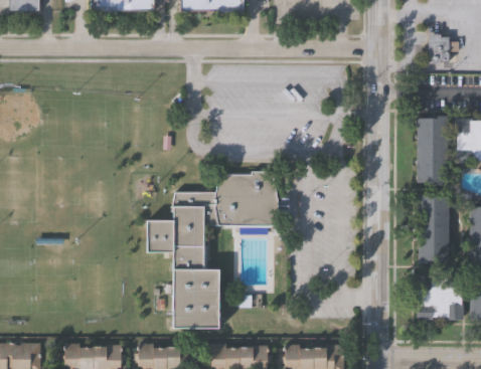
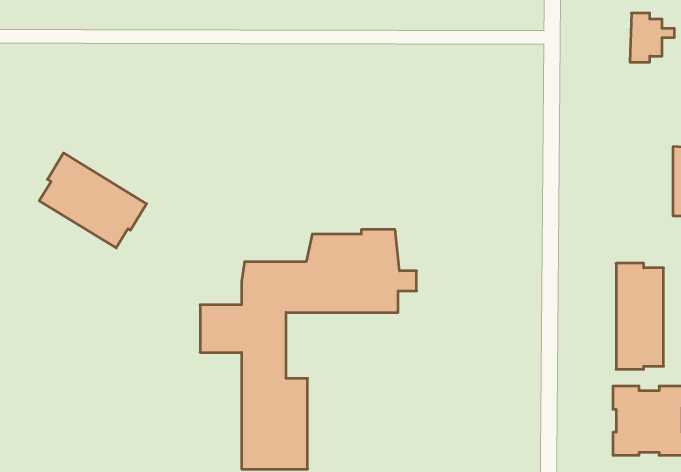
building: [419,117,449,186] -> none
building: none -> [39,153,147,248]

